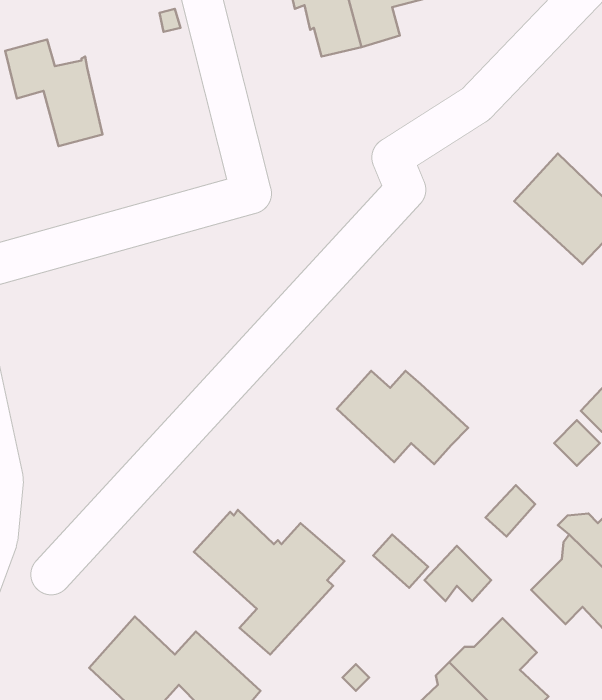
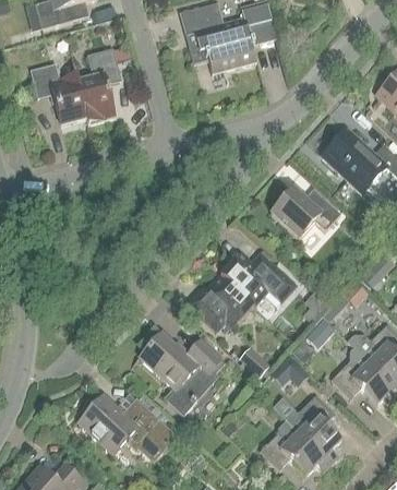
building: none -> [77,48,120,124]
building: none -> [269,188,340,239]
building: none -> [188,275,253,331]

